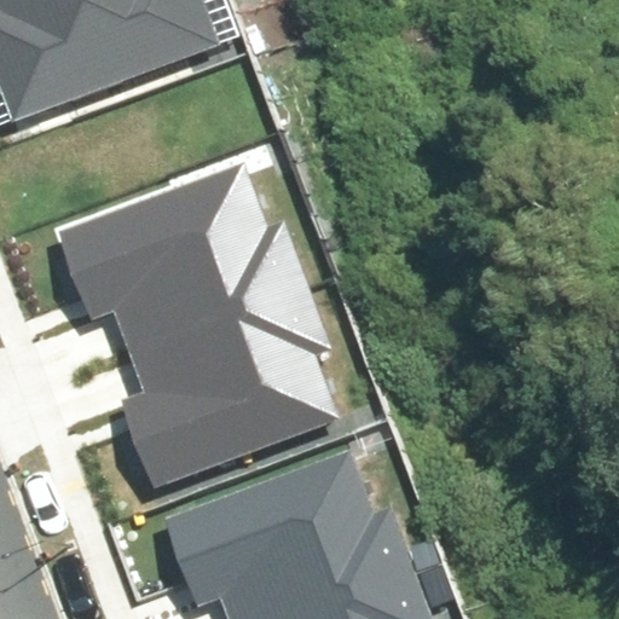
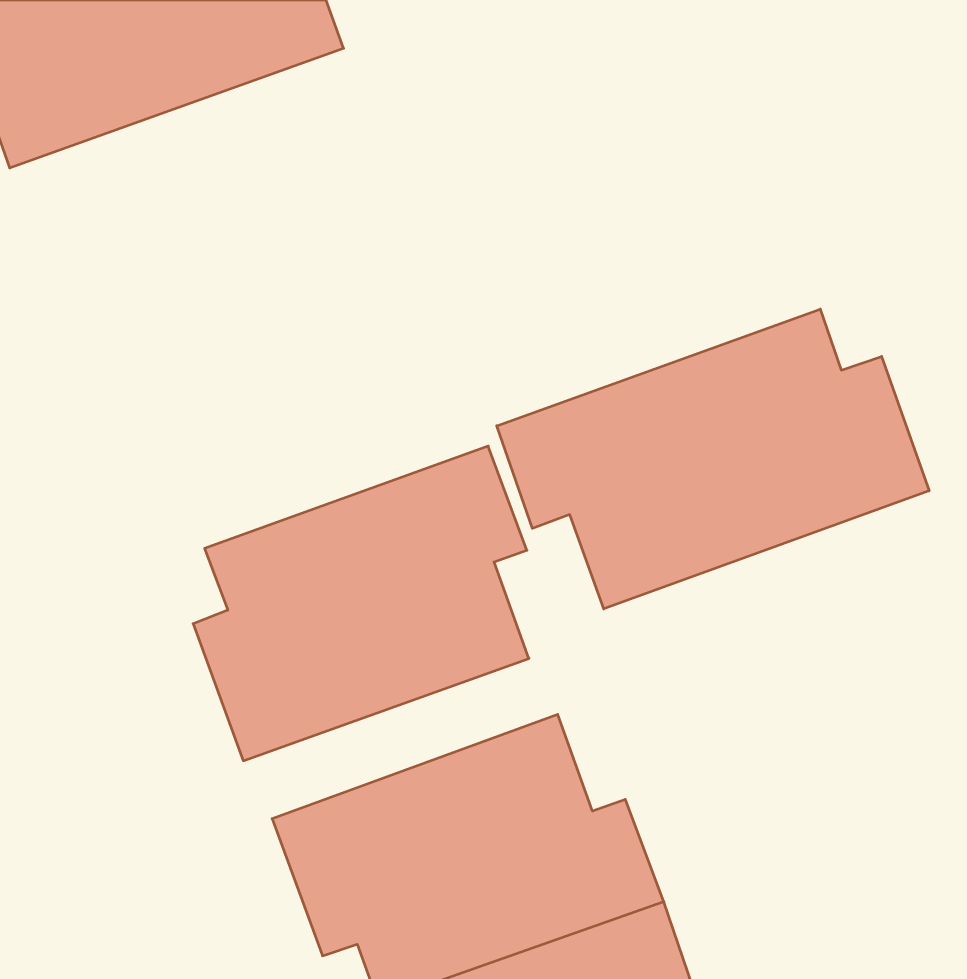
building: [60,167,306,348] -> none
building: none -> [497,309,929,609]

